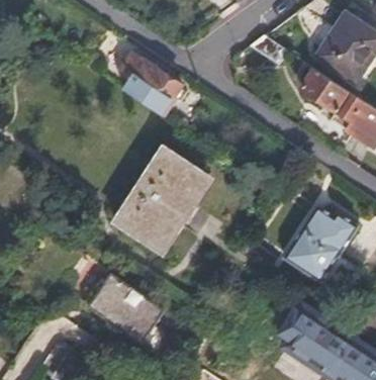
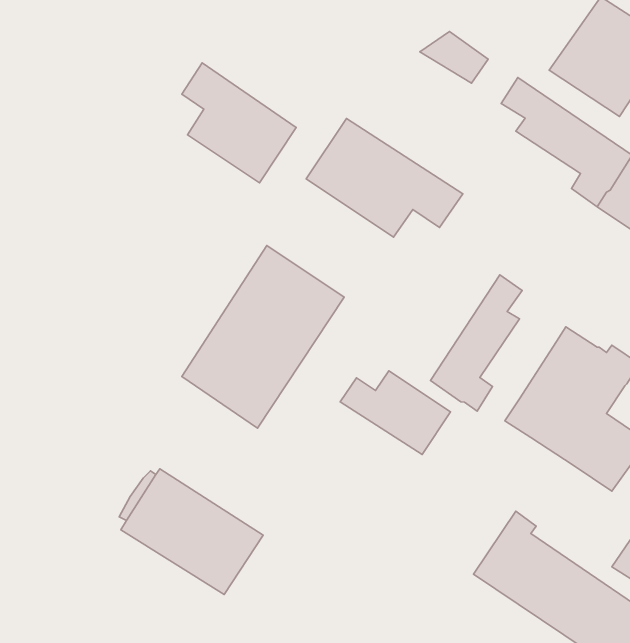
building: none -> [306,118,463,237]
building: none -> [431,275,522,411]
building: none -> [340,371,451,455]

